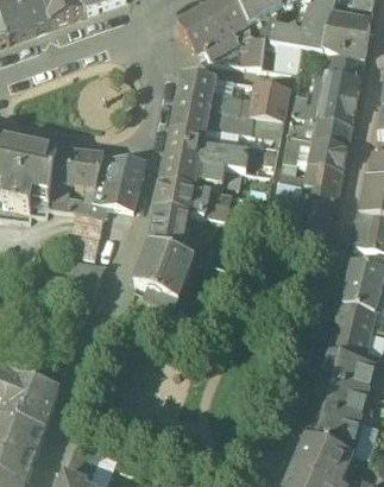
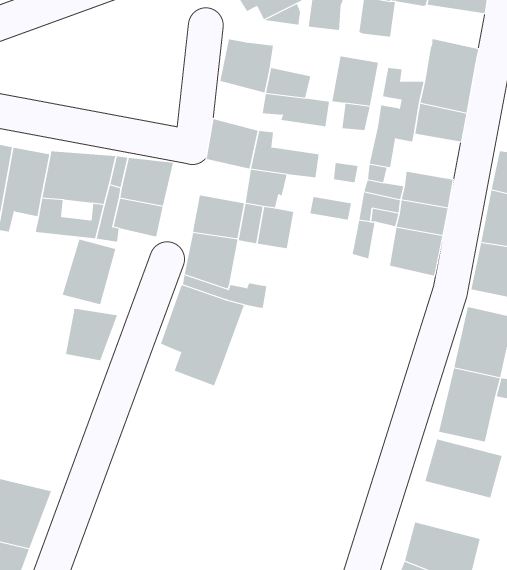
building: [327,49,363,76] -> none
building: [172,99,209,133] -> none
building: [308,135,347,167] -> none
building: [163,153,199,184] -> none
building: [314,379,367,419] -> none

